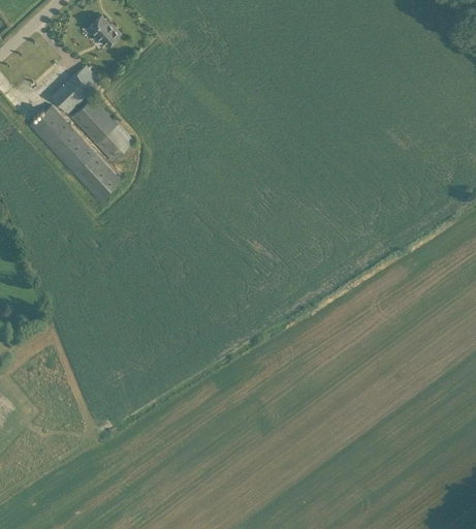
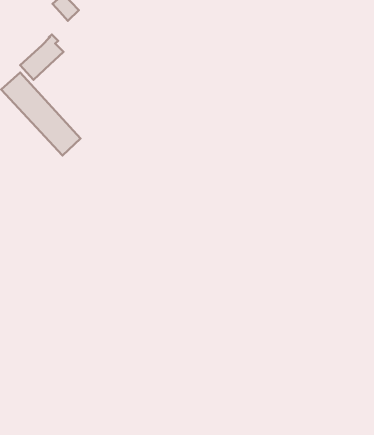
building: [68,94,131,159] -> none

